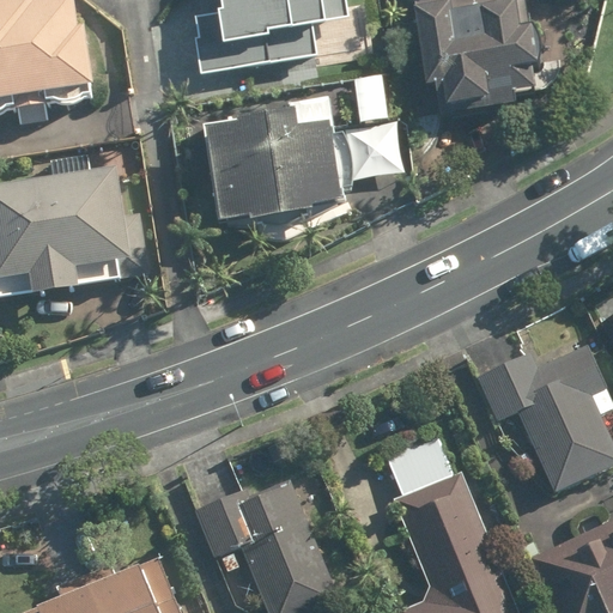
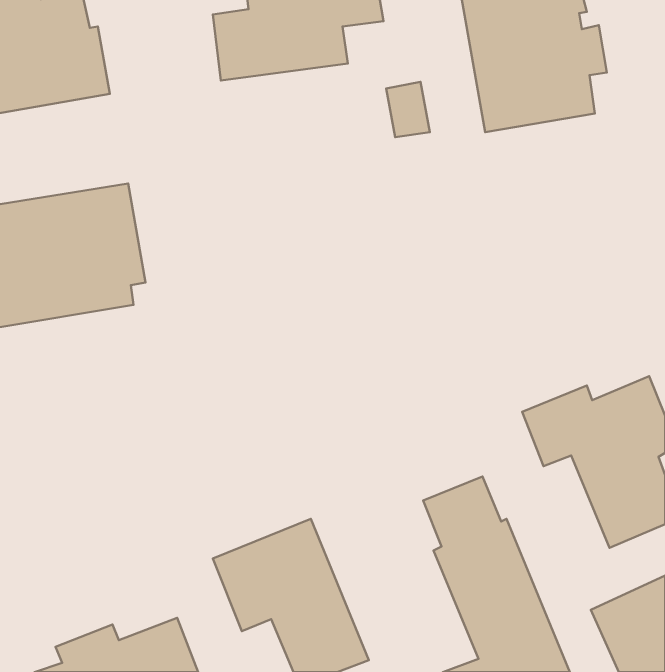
building: [204,104,401,224] -> none

